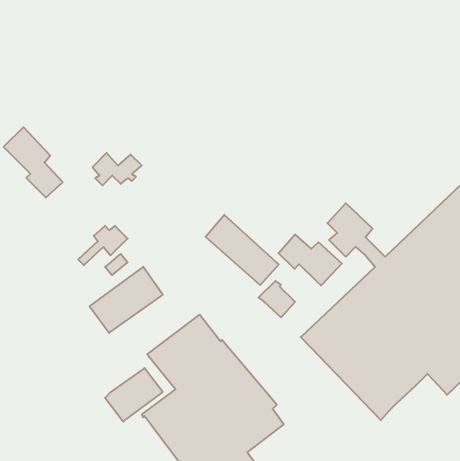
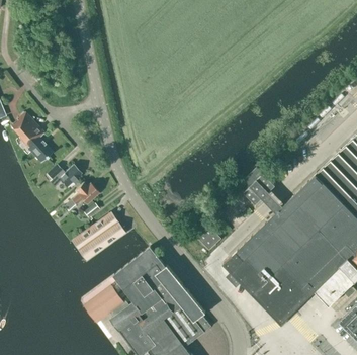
building: [93,153,142,185] -> [47,164,82,187]
building: [206,215,279,285] -> none
building: [278,234,342,286] -> none

